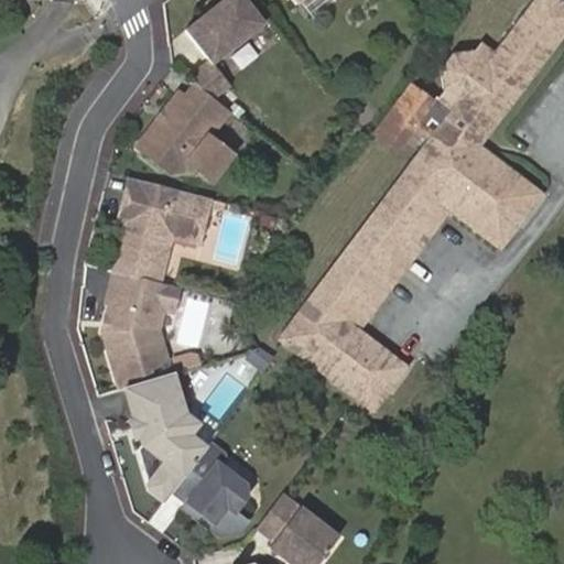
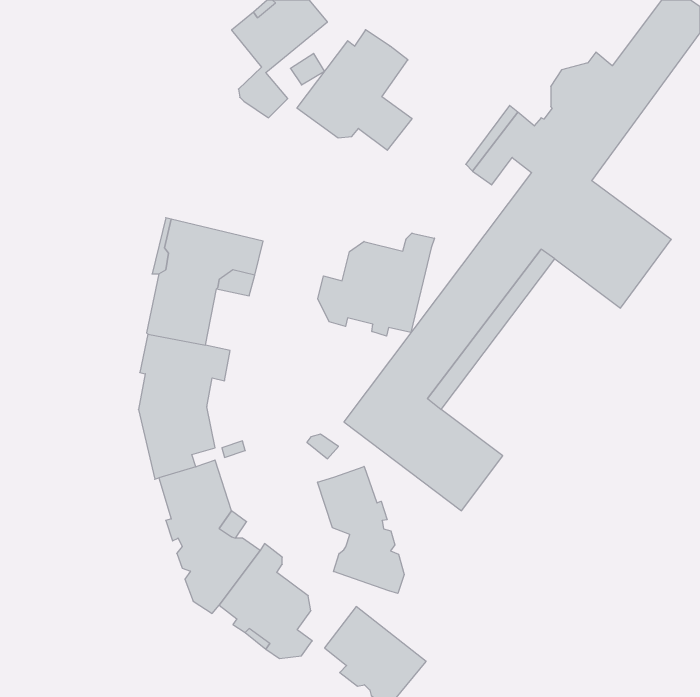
building: [141,84,234,181] -> [297,30,412,150]
building: none -> [318,233,434,336]
building: none -> [318,466,404,593]

